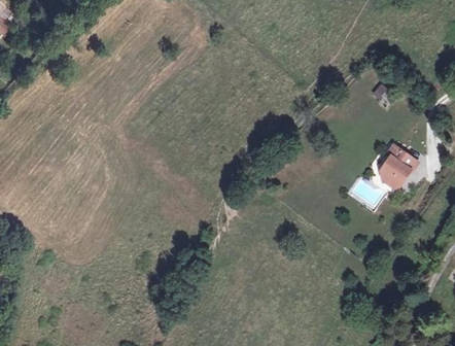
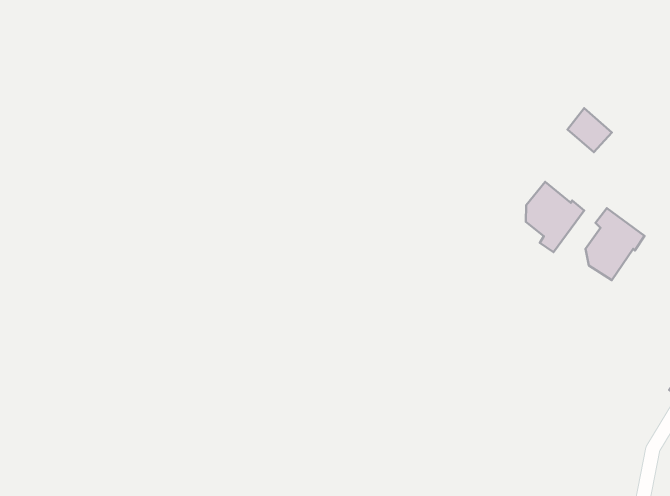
building: none -> [526,182,584,252]

